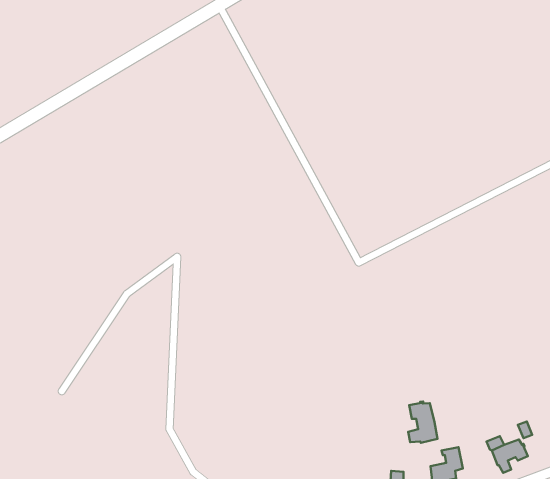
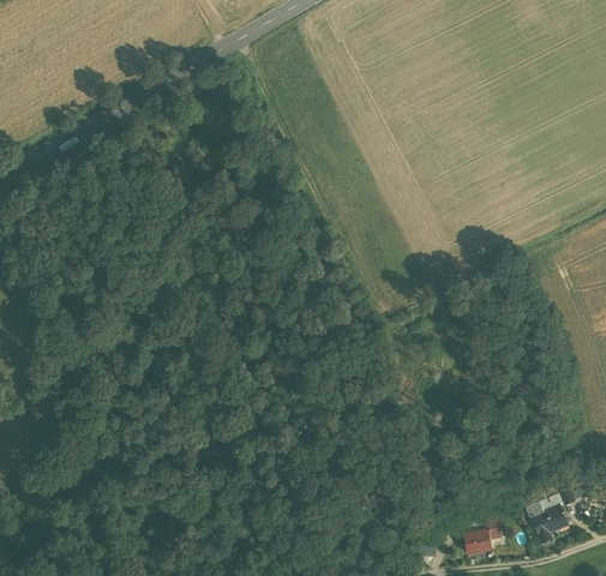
building: [408,401,437,443] -> none

